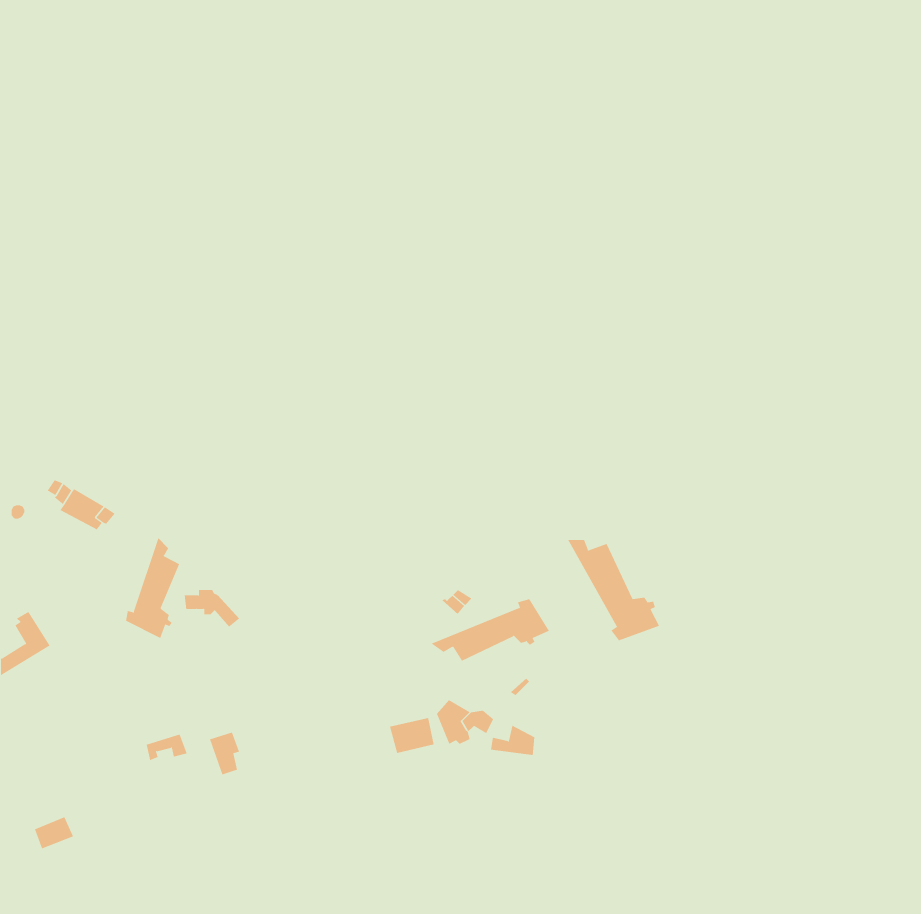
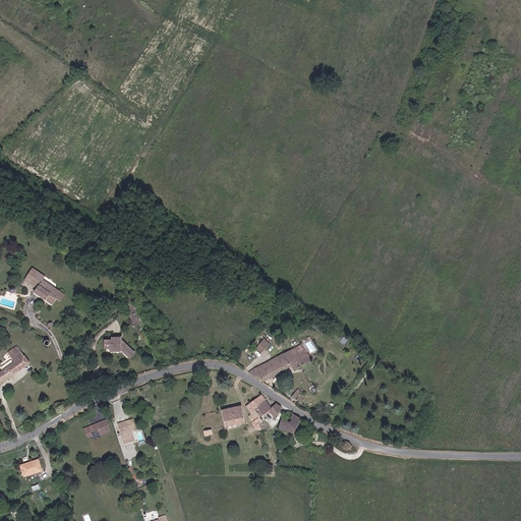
building: [126,537,180,639] -> none
building: [567,539,660,641] -> none

